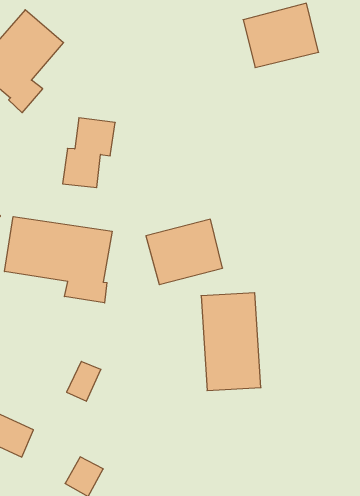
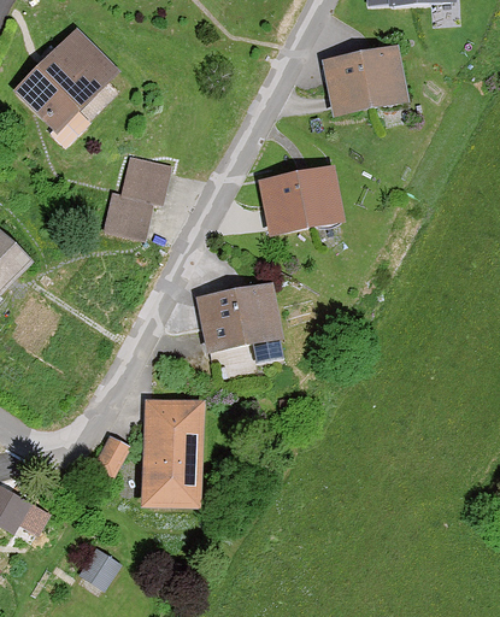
building: none -> [260,168,342,235]
building: [5,217,112,303] -> none
building: [201,293,261,391] -> [142,398,205,507]

